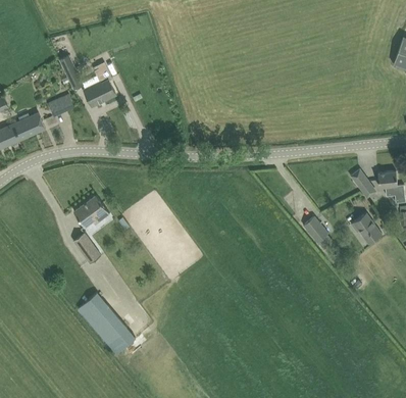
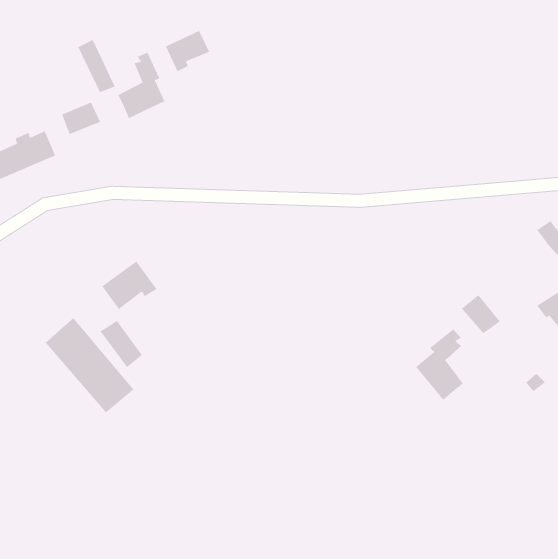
building: none -> [165,30,210,73]
building: none -> [415,328,464,401]
building: [79,293,136,354] -> [45,317,135,414]

